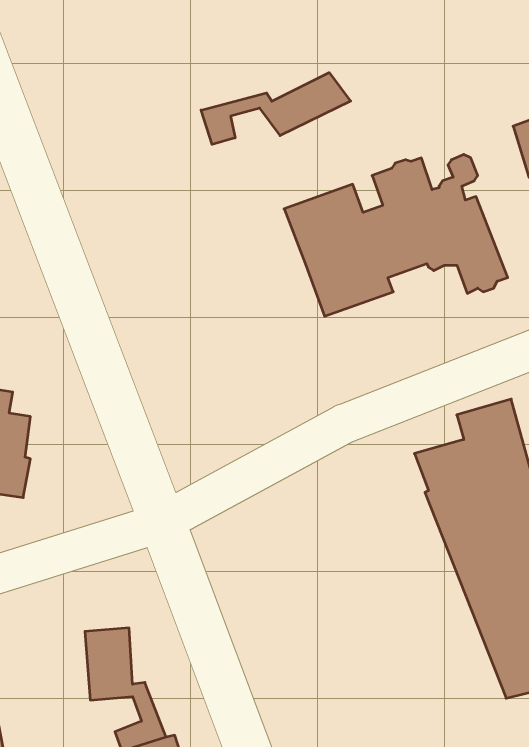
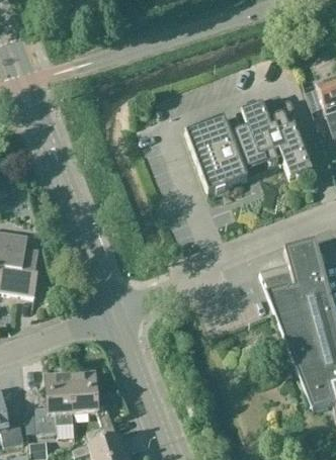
building: [201,73,351,144] -> none
building: none -> [36,373,74,433]

